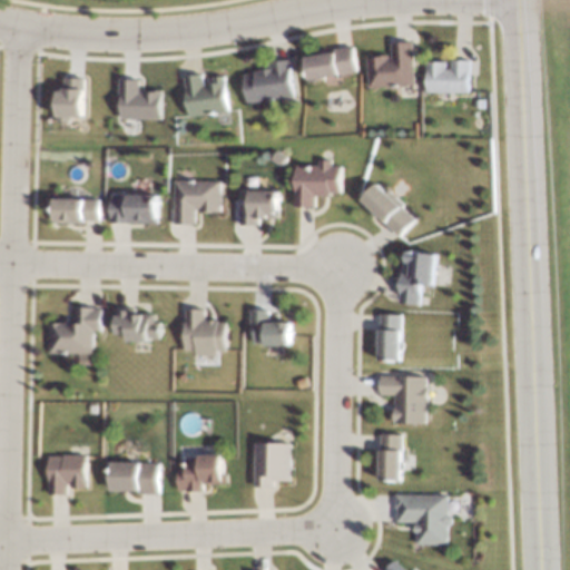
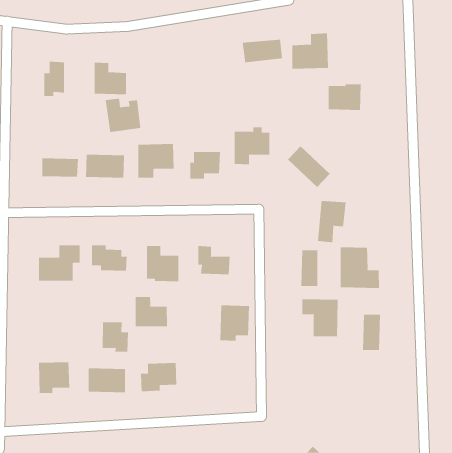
building: [242,59,293,104] -> none
building: [426,60,469,94] -> [328,84,362,110]
building: [181,73,227,117] -> [105,98,141,133]
building: none -> [340,246,380,289]
building: none -> [135,296,168,327]
building: none -> [102,322,128,353]
building: [377,434,401,480] -> [362,314,381,351]
building: [252,442,289,488] -> [220,305,250,341]
building: [394,494,448,544] -> none

